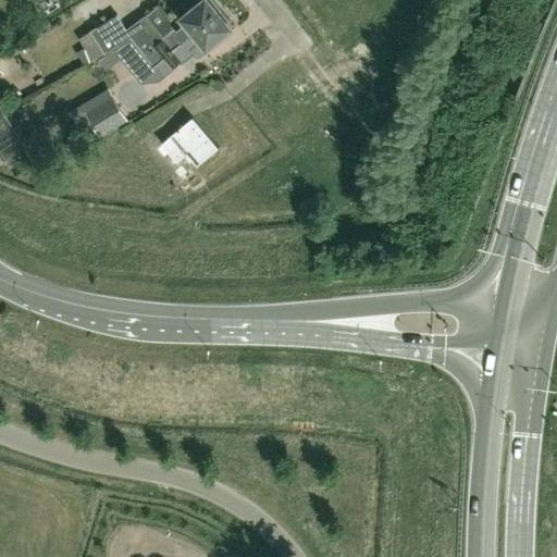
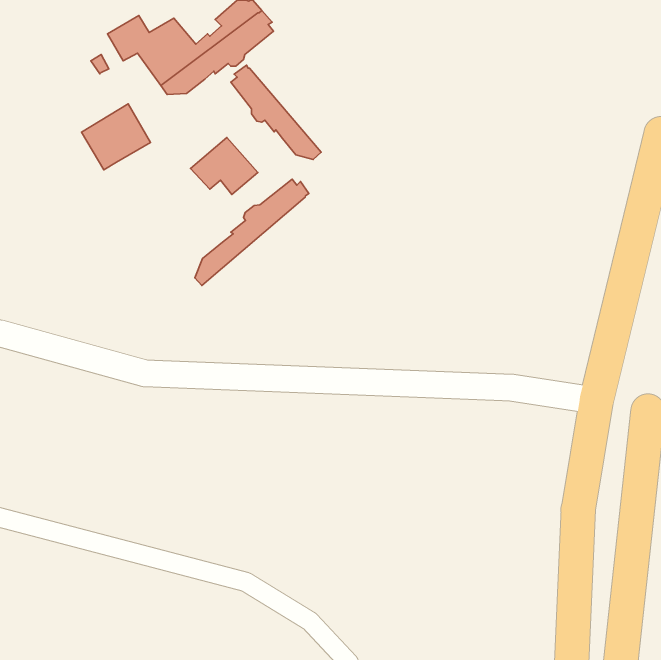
building: none -> [231,65,321,159]
building: none -> [195,179,309,286]

